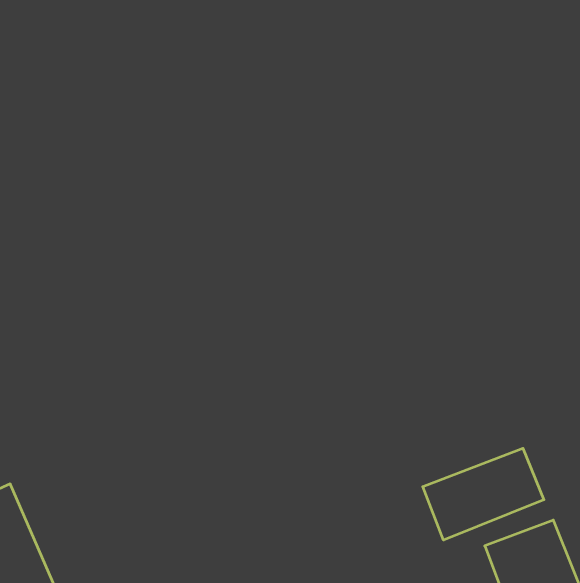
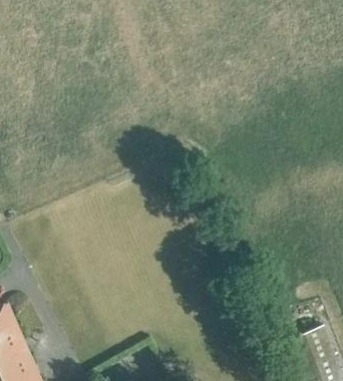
building: [423,448,544,540] -> none

